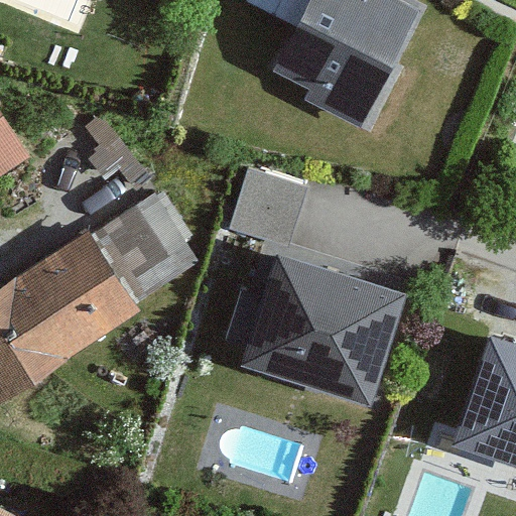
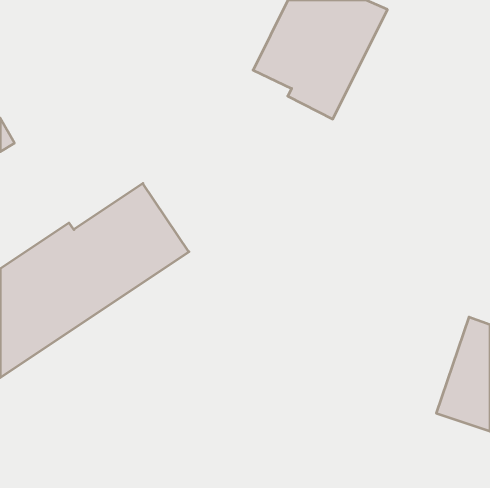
building: [232,163,311,244] -> none
building: [247,255,398,394] -> none

